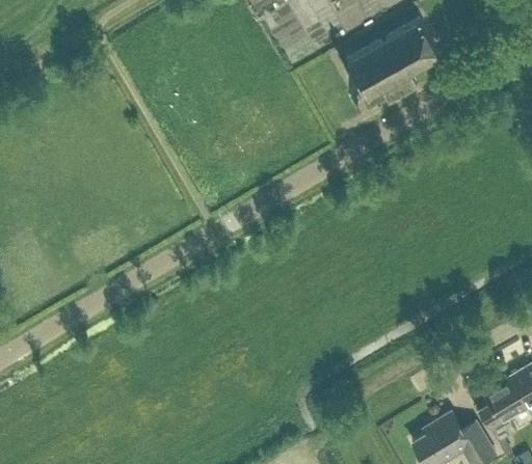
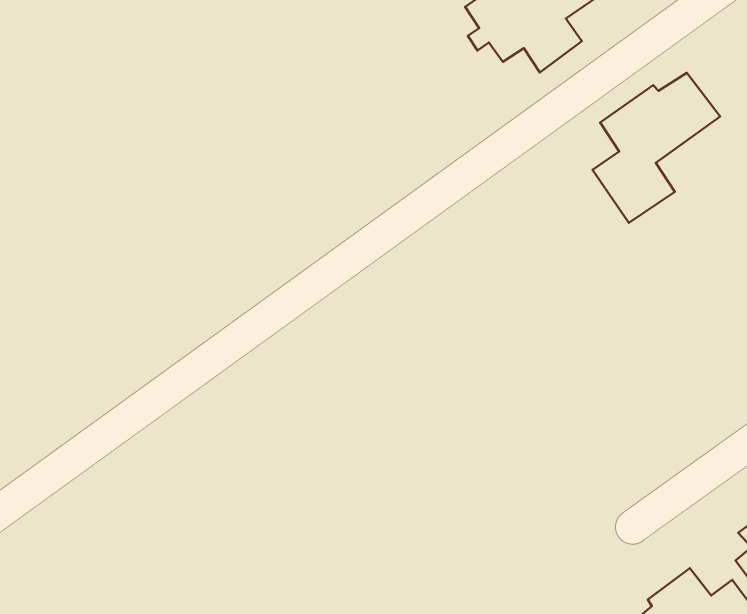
building: none -> [593,73,720,223]

